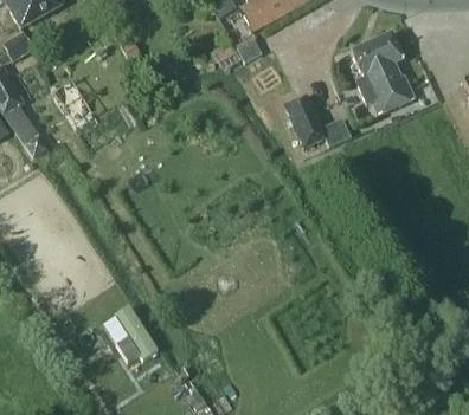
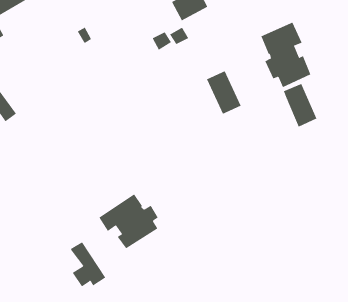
building: none -> [283,83,317,127]
building: none -> [98,194,159,249]

